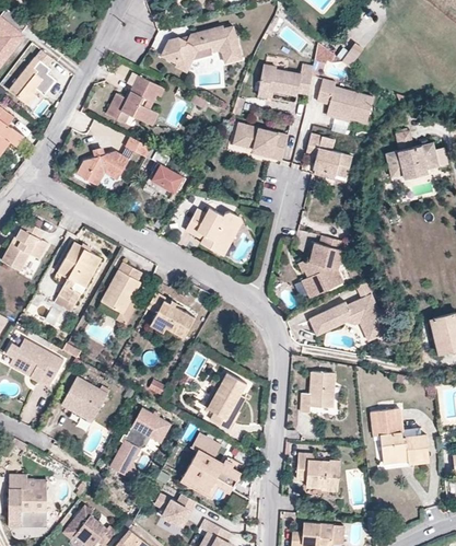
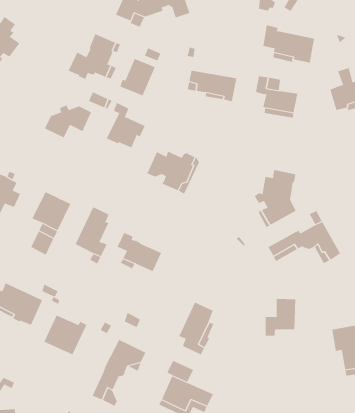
building: [258,65,314,97] -> none
building: none -> [119,58,155,96]
building: [296,453,339,490] -> none

